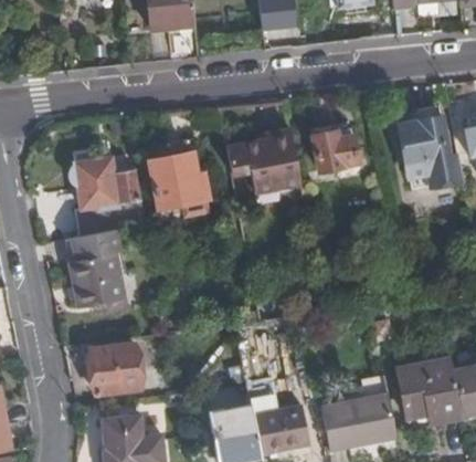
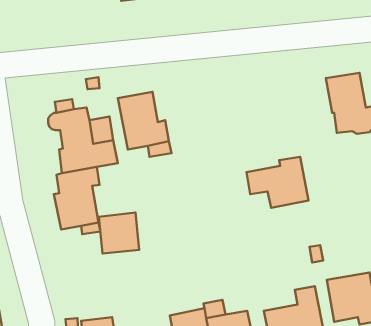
building: [310,124,356,169] -> none
building: [225,130,300,192] -> [246,157,308,208]
building: [91,344,139,393] -> [99,212,139,253]

